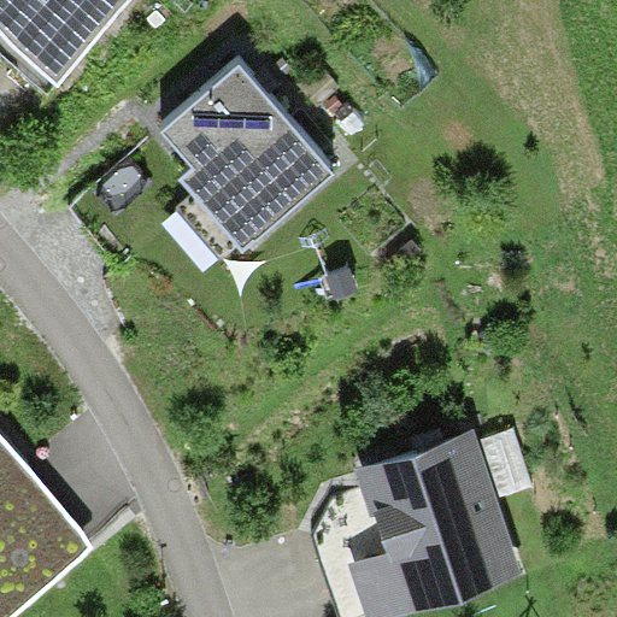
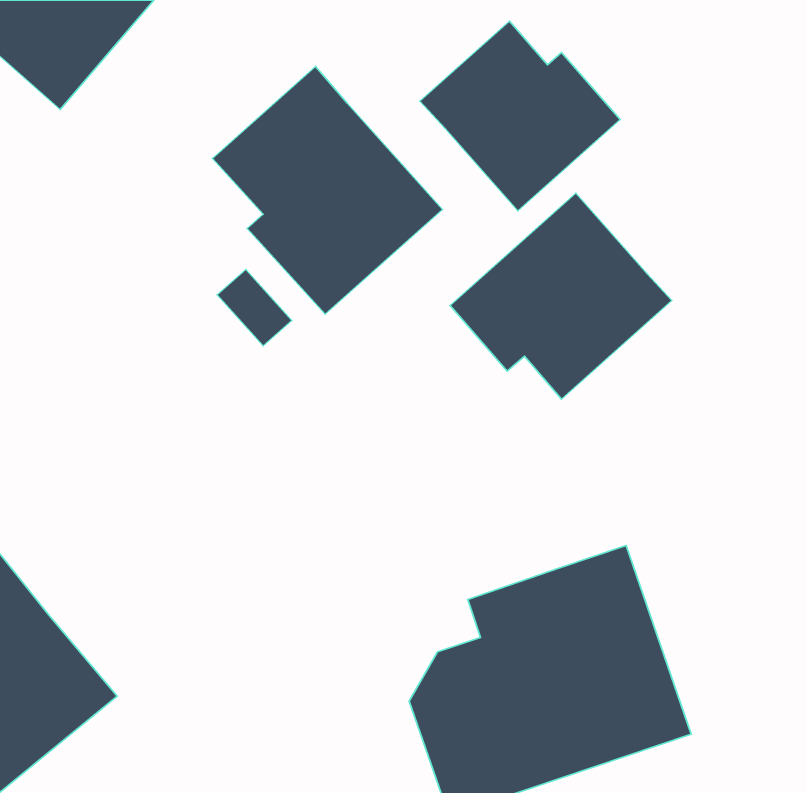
building: none -> [420,21,620,211]
building: none -> [450,193,672,399]

